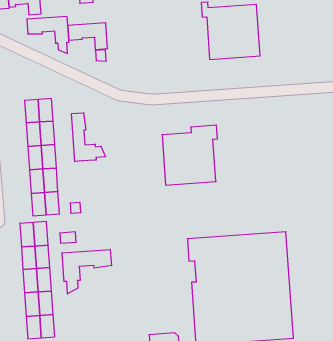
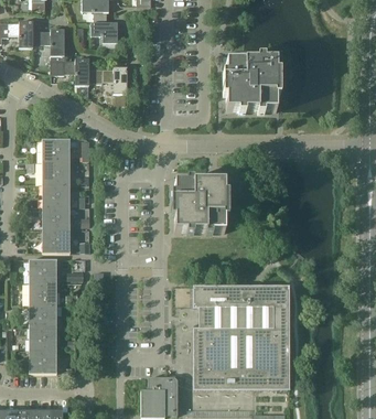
building: [71,113,105,162] -> none
building: [62,249,111,294] -> none

